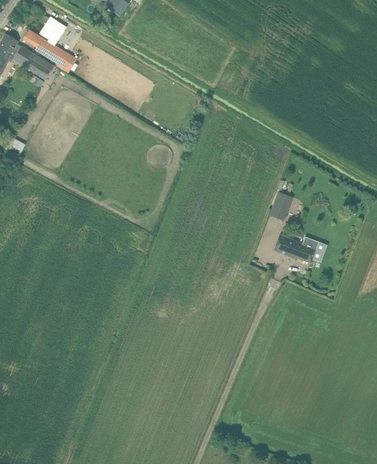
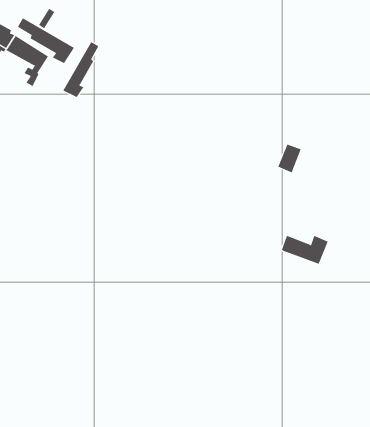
building: none -> [62,41,99,98]
building: [270,192,293,220] -> [277,144,302,173]

